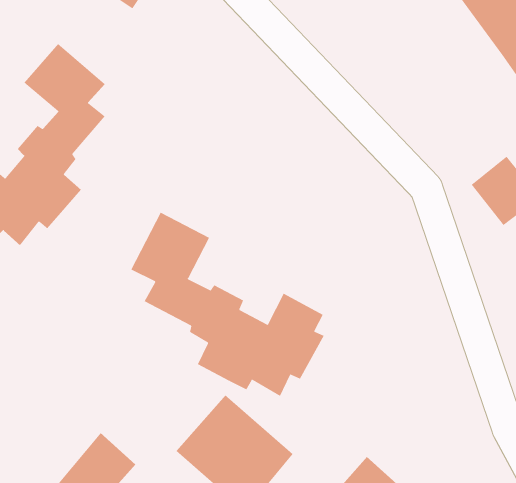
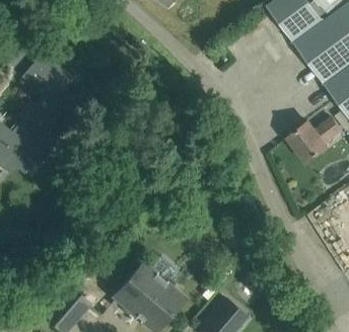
building: [130,212,324,397] -> none

